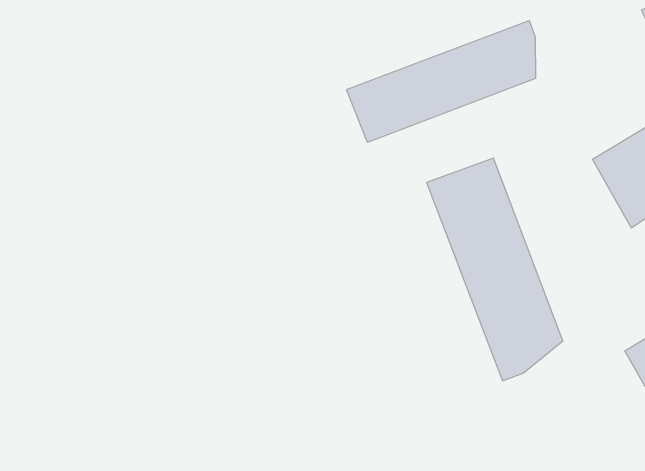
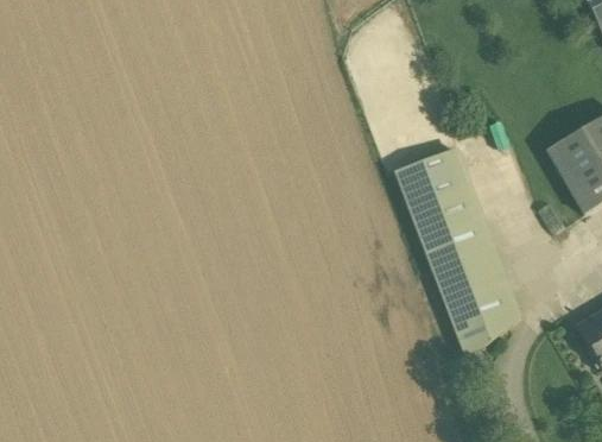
building: [347,21,535,142] -> none

